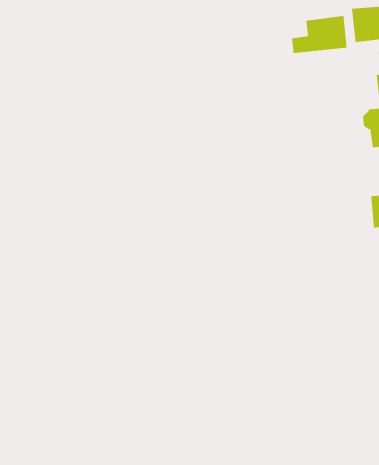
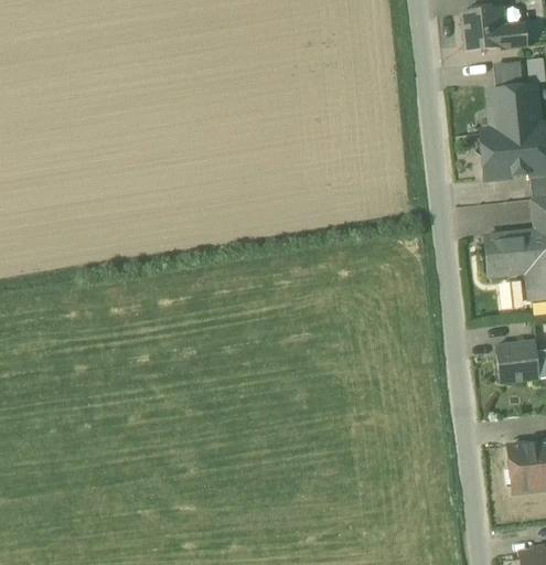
building: [291,15,347,54] -> none

